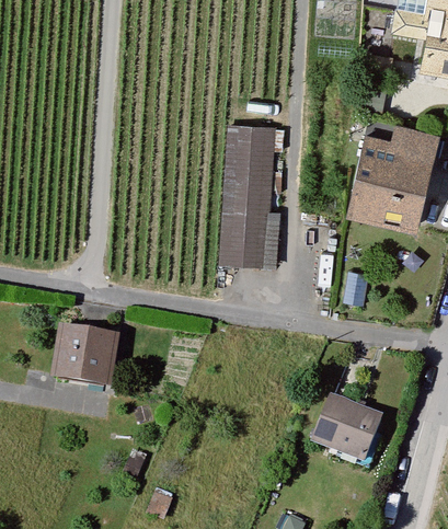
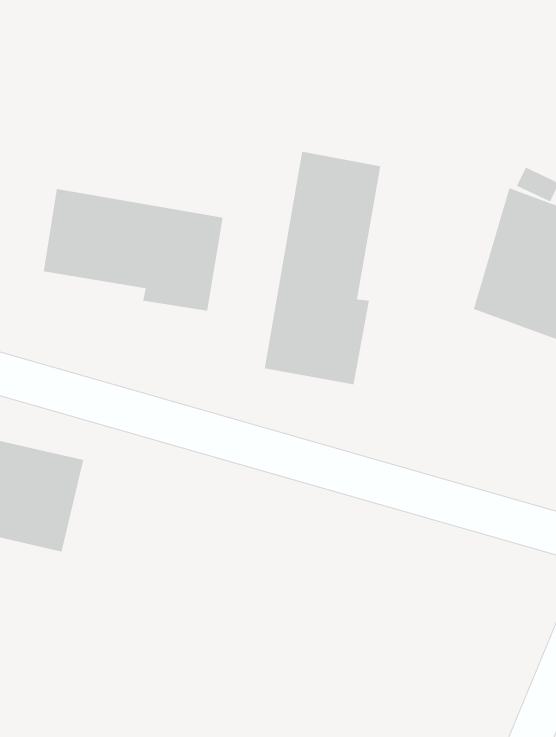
building: none -> [43,188,223,311]
building: [303,393,379,467] -> none

